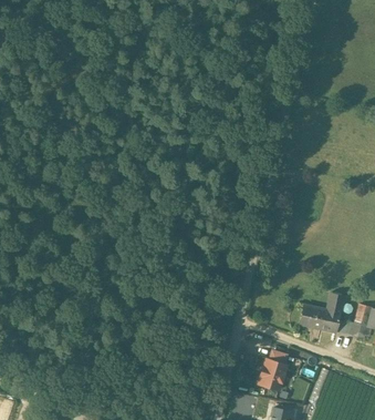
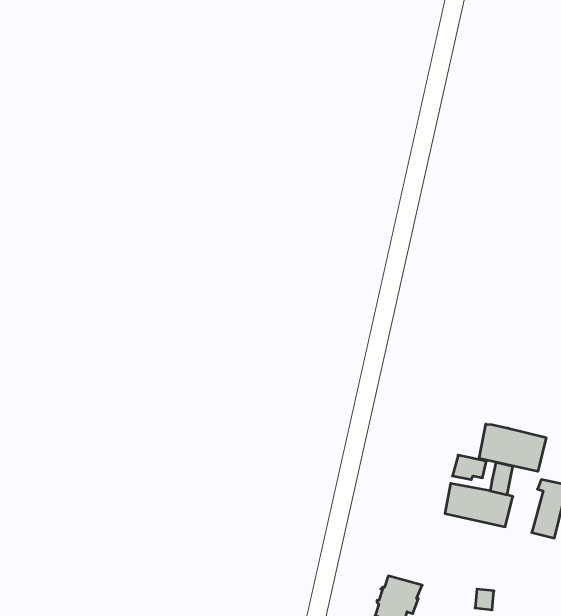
building: none -> [479,424,546,471]

